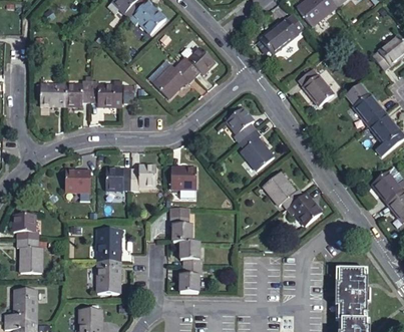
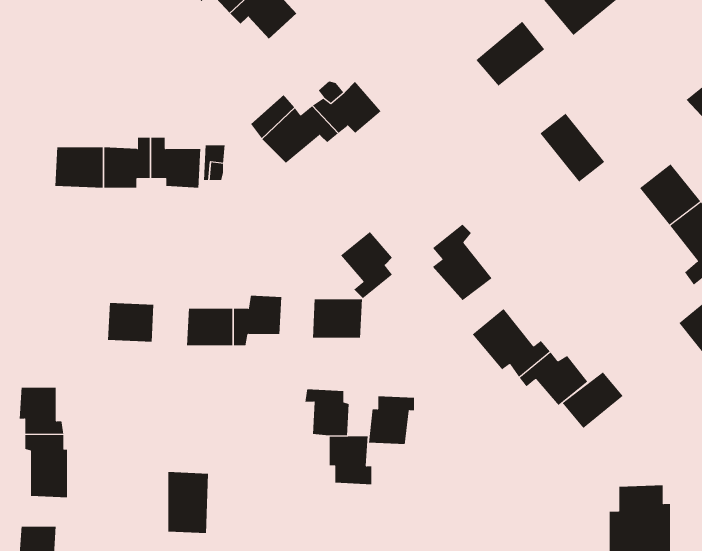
building: [227,103,255,139] -> [340,231,393,299]
building: none -> [562,372,624,429]
building: [97,227,120,260] -> none
building: [181,265,207,291] -> [368,396,415,445]

